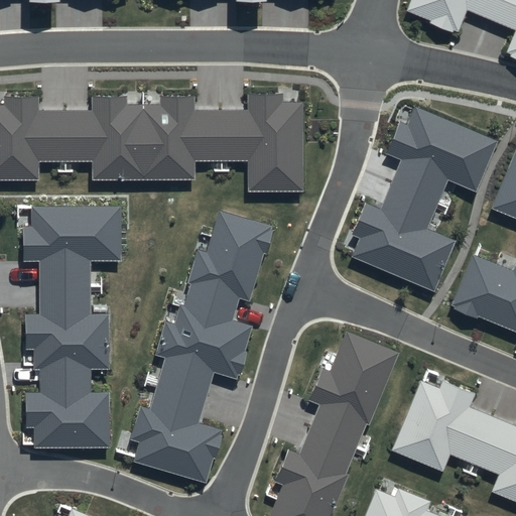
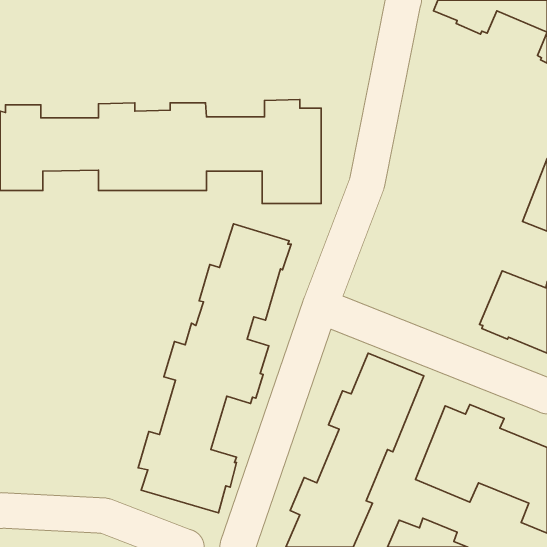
building: [352,108,498,291] -> none
building: [22,206,122,448] -> none

